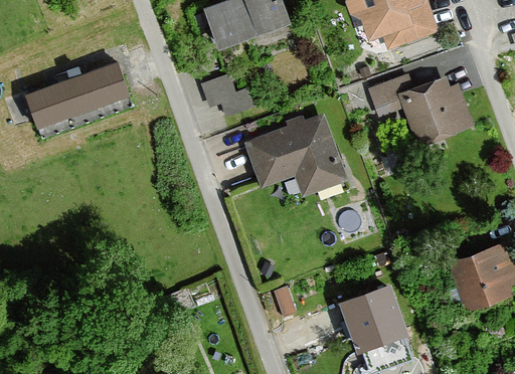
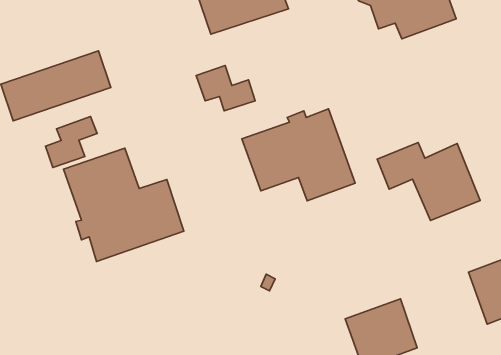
building: [371,74,465,145] -> [377,143,480,220]
building: none -> [46,116,97,167]
building: none -> [63,148,184,261]

